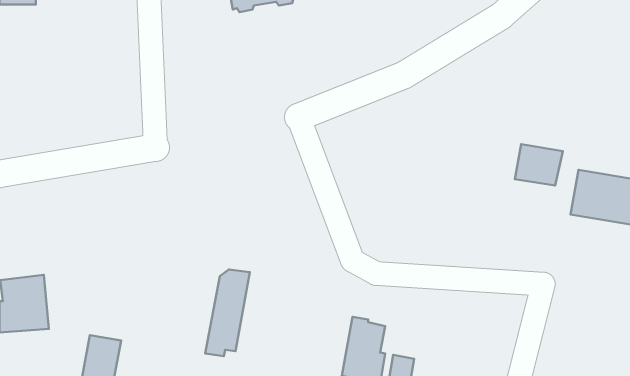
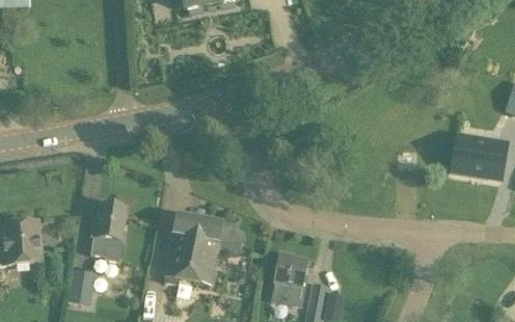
building: [515,144,563,186] -> none
building: none -> [89,202,126,262]
building: none -> [187,217,236,284]

